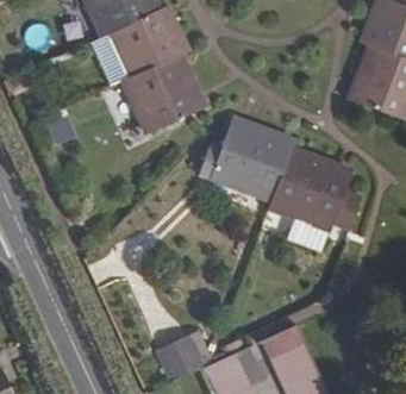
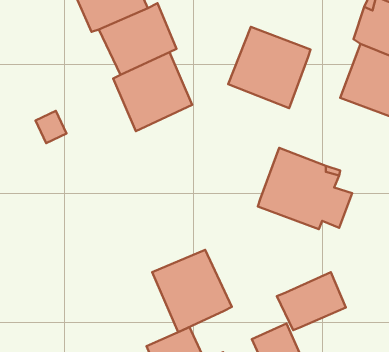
building: [208,119,291,200] -> [228,27,311,108]
building: none -> [152,250,232,332]
building: none -> [277,272,346,330]

